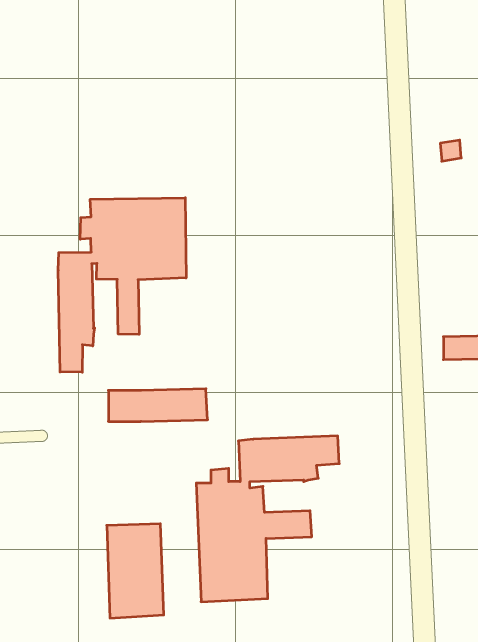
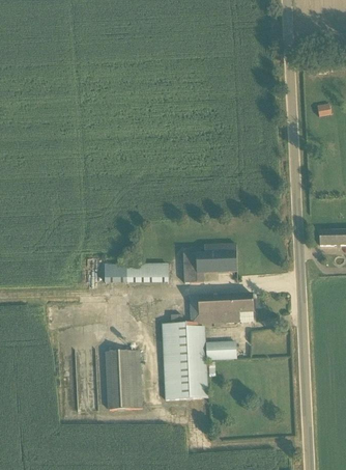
building: [58,198,186,372] -> none
building: none -> [182,243,236,282]

